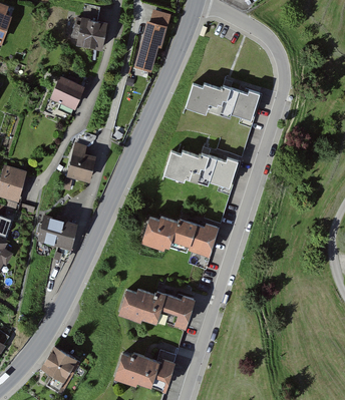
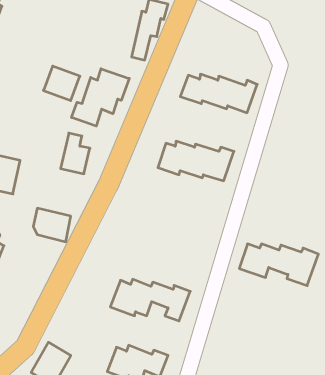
building: [76,19,107,52] -> none
building: none -> [72,69,129,126]
building: [140,217,219,258] -> [239,244,318,286]

